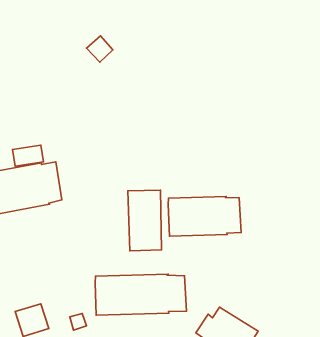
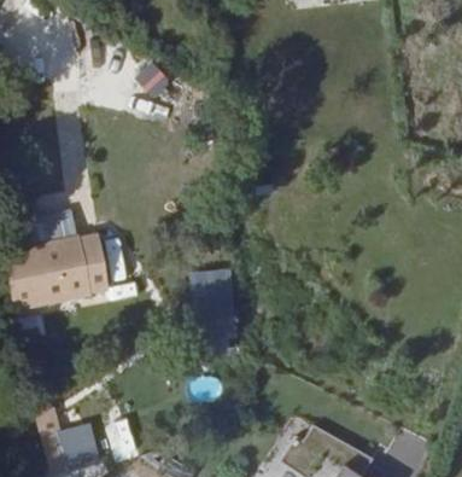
building: [168,196,241,236] -> none
building: [95,274,187,315] -> none

